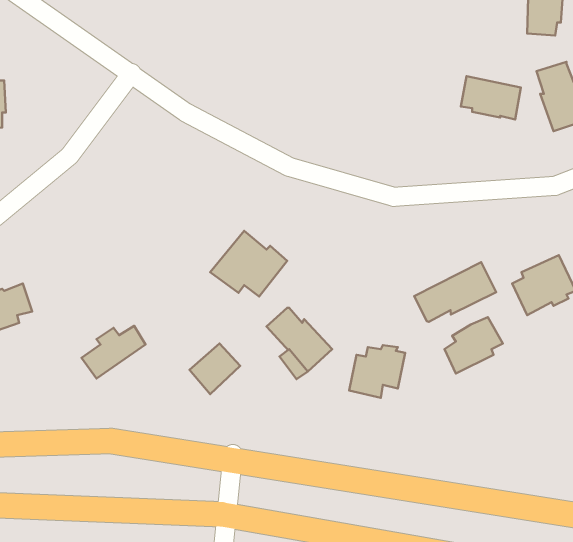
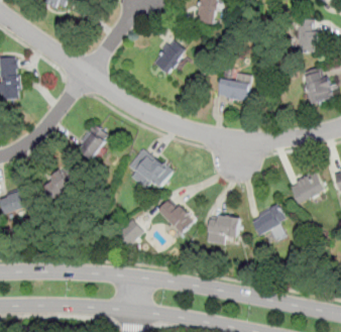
building: none -> [154,39,187,73]
building: [461,76,521,119] -> [218,78,250,101]
building: none -> [73,127,103,163]
building: [414,262,496,322] -> none
building: [82,326,145,378] -> [43,170,78,198]

